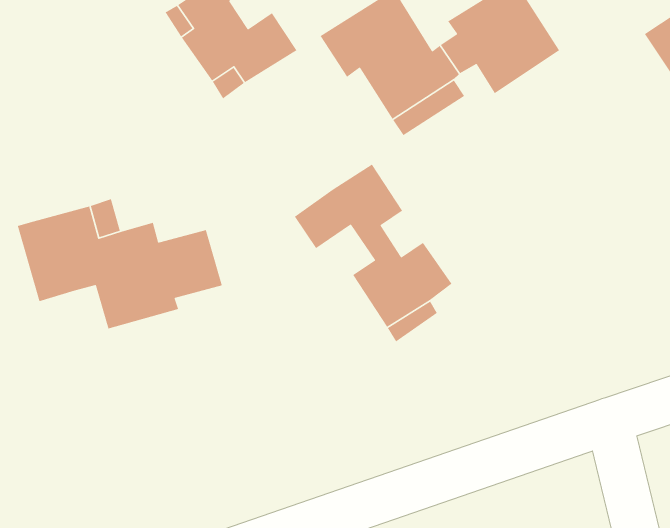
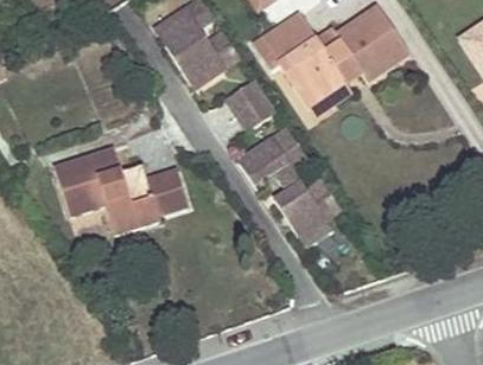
building: none -> [225,76,275,127]

